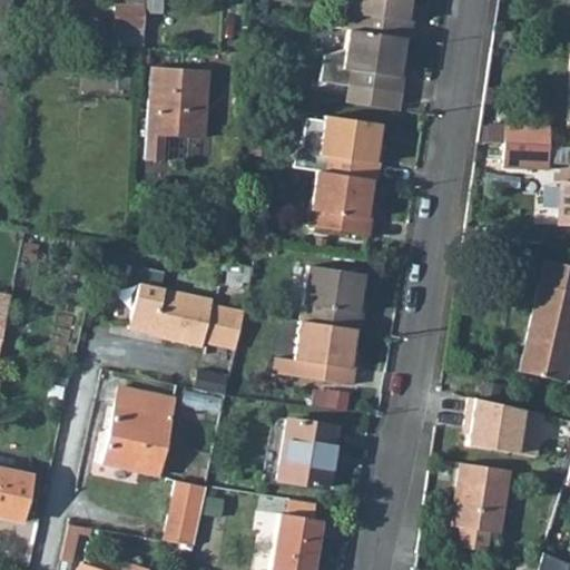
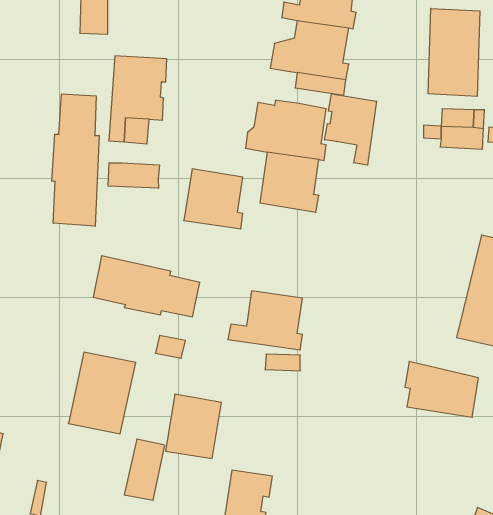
building: none -> [428,8,480,96]
building: none -> [52,94,99,226]
building: none -> [325,94,377,165]
building: none -> [108,163,159,188]
building: [302,265,365,330] -> [184,169,243,229]
building: [279,419,340,488] -> [166,394,221,458]
building: [451,463,510,550] -> none

